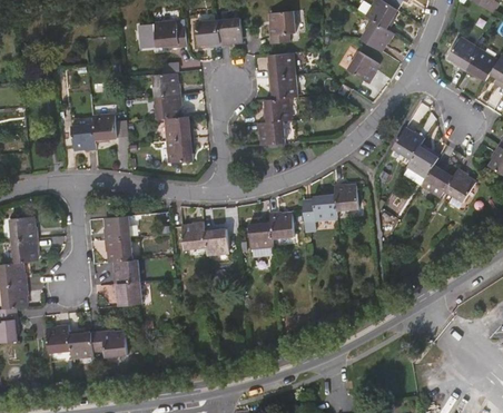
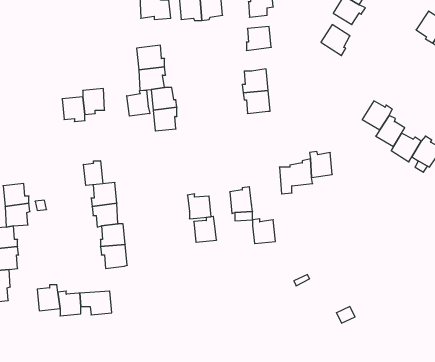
building: [267,71,296,97] -> none
building: none -> [127,90,150,116]
building: none -> [83,161,103,185]
building: [270,214,295,240] -> [253,219,275,244]
building: [181,223,206,250] -> [194,216,217,242]

